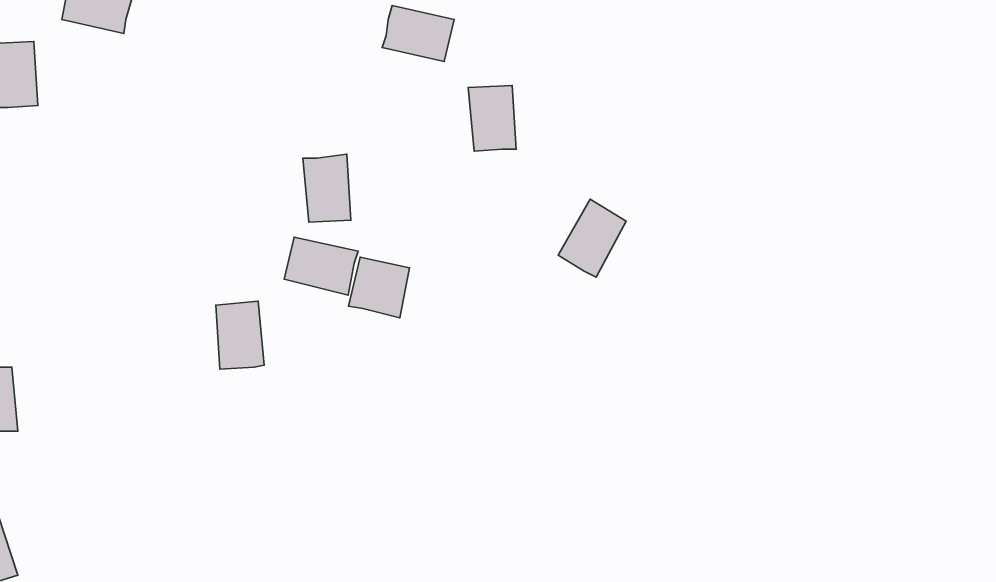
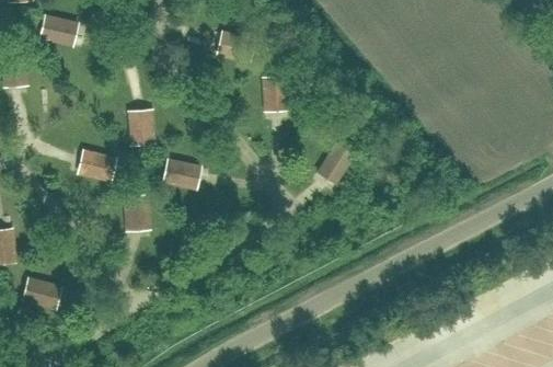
building: [303,154,351,222] -> [129,107,155,145]
building: none -> [77,149,117,181]
building: [348,257,409,318] -> none
building: none -> [23,277,62,309]

